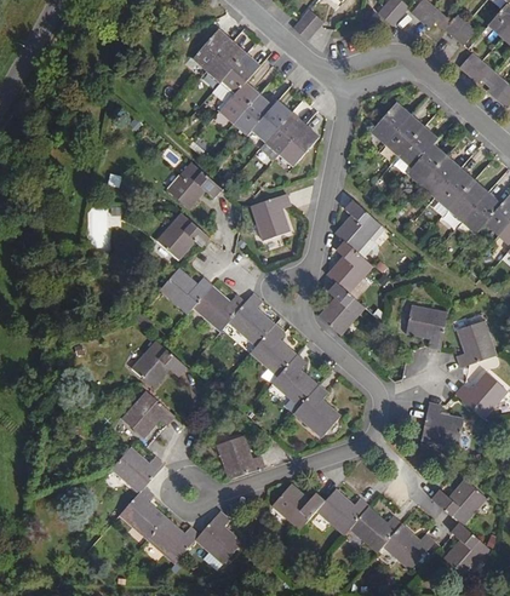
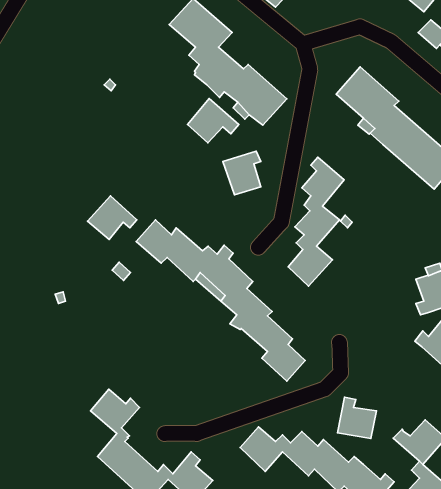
building: [170,161,224,208] -> [187,98,239,143]
building: [156,212,208,258] -> [88,196,137,239]
building: [406,304,448,349] -> none
building: [130,338,185,386] -> none
building: [120,388,173,436] -> none
building: [423,402,464,446] -> [338,397,376,438]
building: [217,432,264,477] -> none

